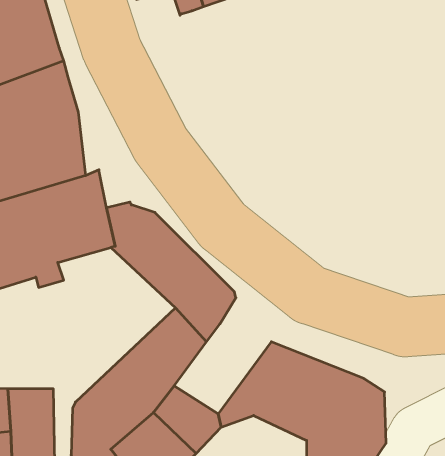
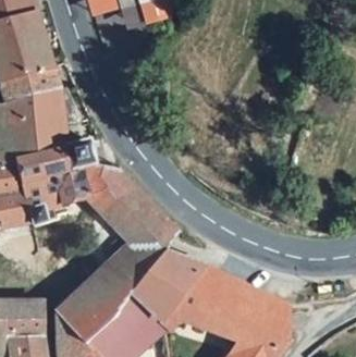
building: none -> [131,255,202,321]

